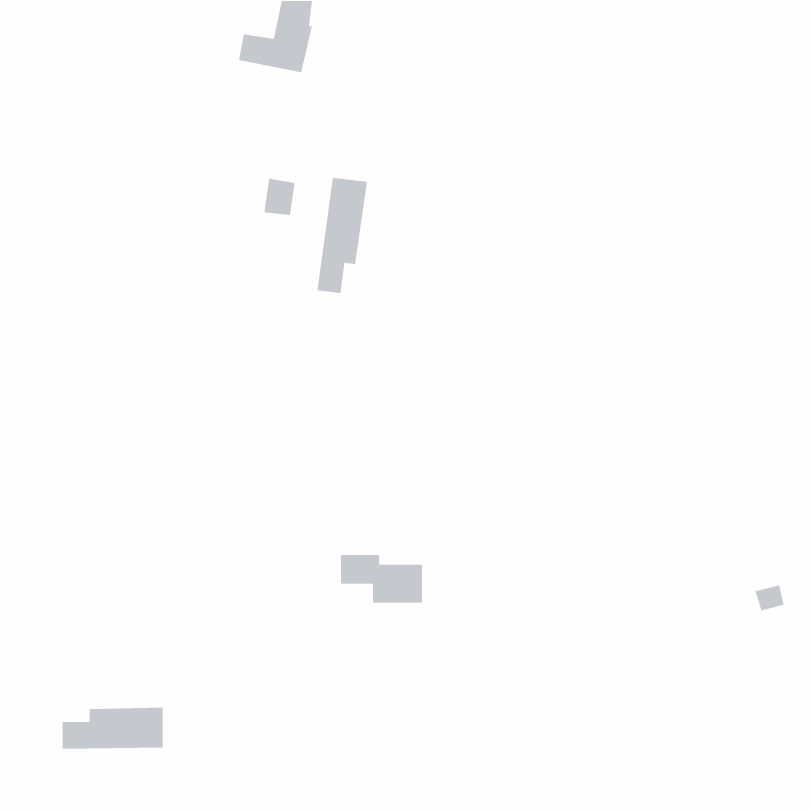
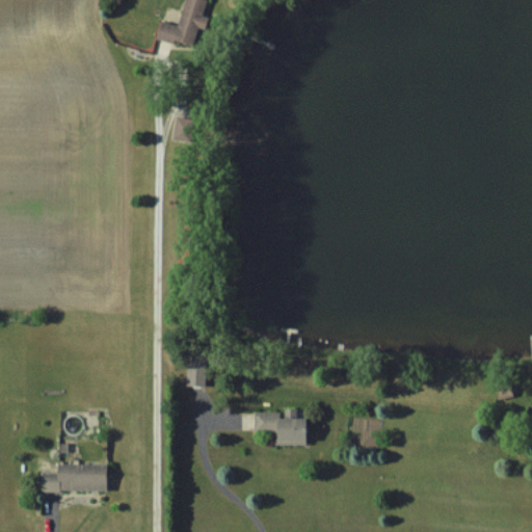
building: [317,177,368,294] -> none
building: [340,554,423,604] -> [254,413,308,445]

